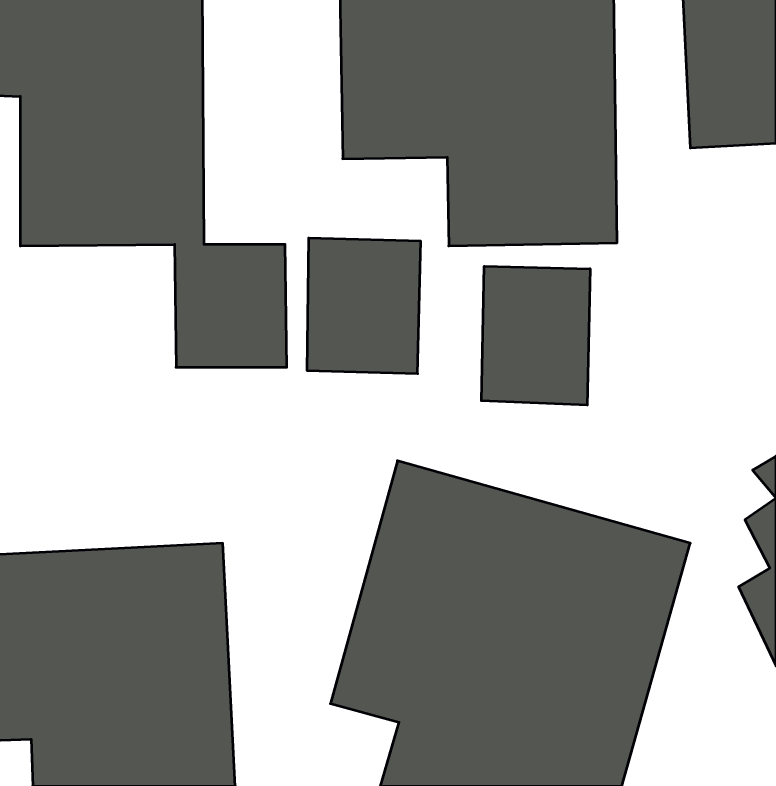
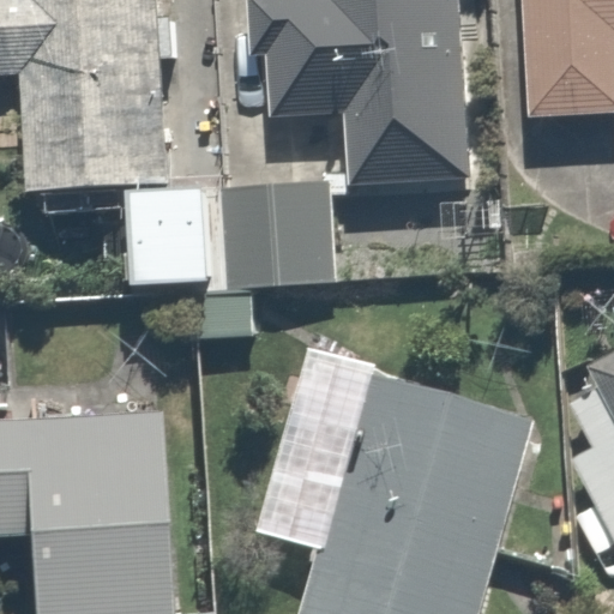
building: [481,266,590,405] -> none

